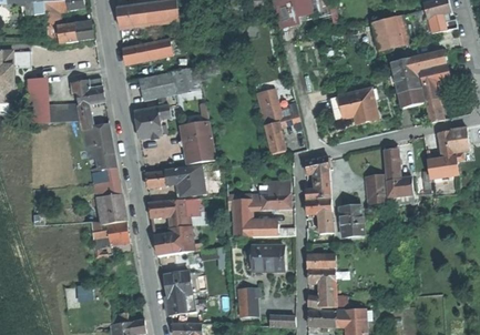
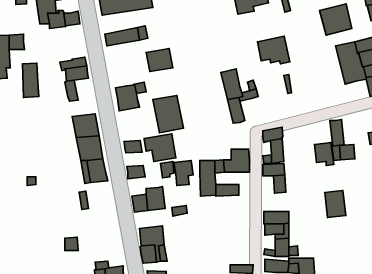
building: [139,70,175,99] -> none
building: [339,89,377,121] -> [257,36,290,64]
building: [45,102,78,121] -> none
building: [82,123,112,144] -> none
building: [167,199,190,227] -> [174,161,193,186]
building: [339,205,364,236] -> [325,191,346,217]
building: [106,220,130,244] -> none
building: [253,245,284,271] -> none
building: [237,287,256,316] -> none

